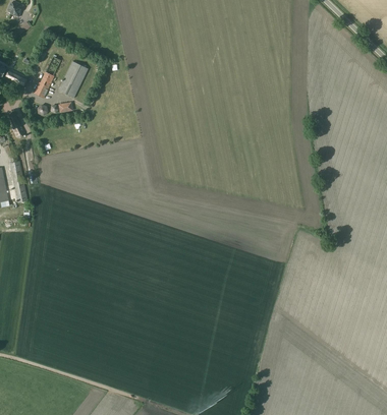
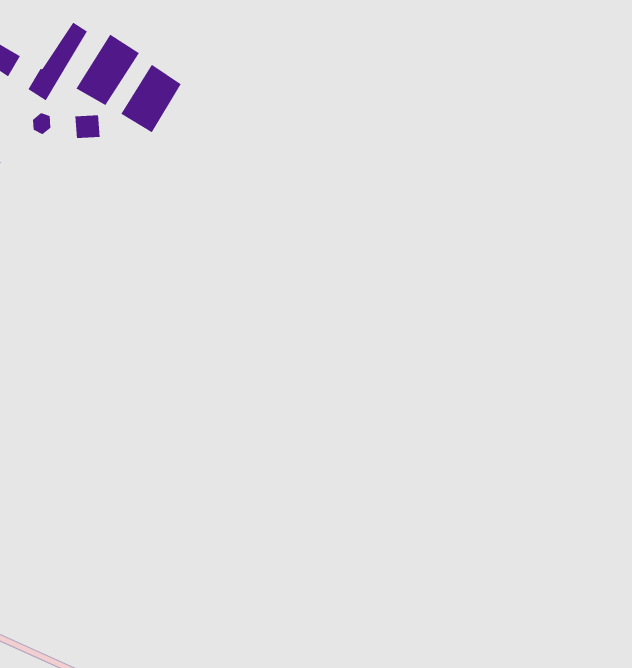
building: none -> [120,64,182,133]

